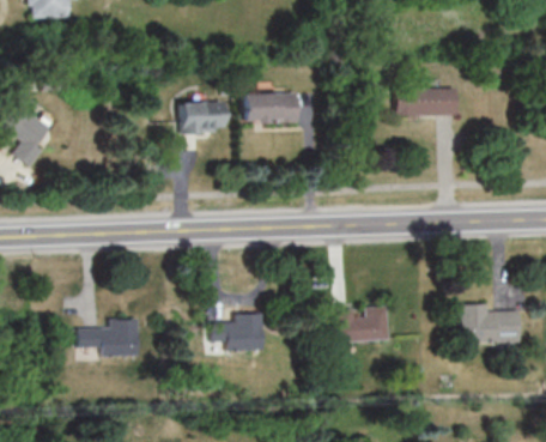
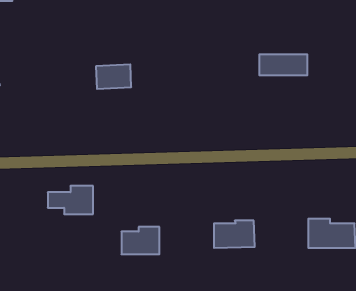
building: [241,92,298,122] -> none
building: [80,320,140,357] -> [48,186,93,214]

